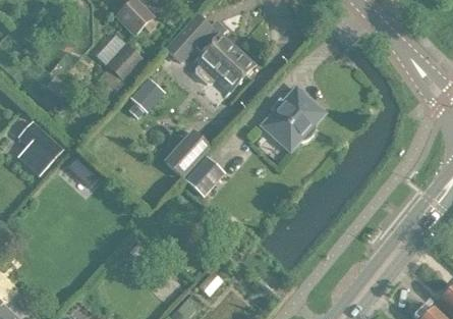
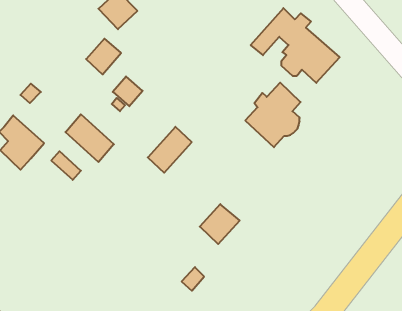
building: [165,15,253,90] -> [251,8,340,83]
building: none -> [65,114,114,162]
building: [184,156,224,196] -> [200,204,240,244]

